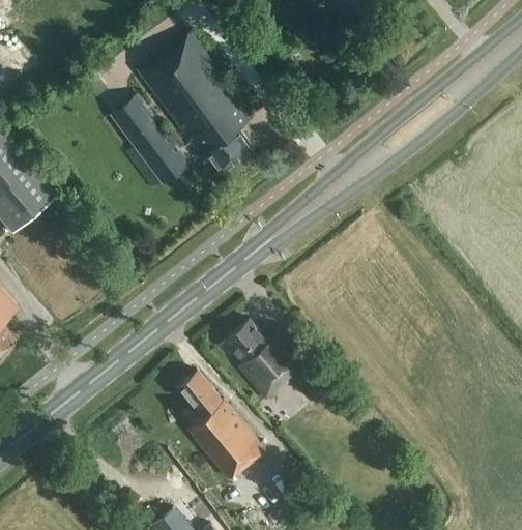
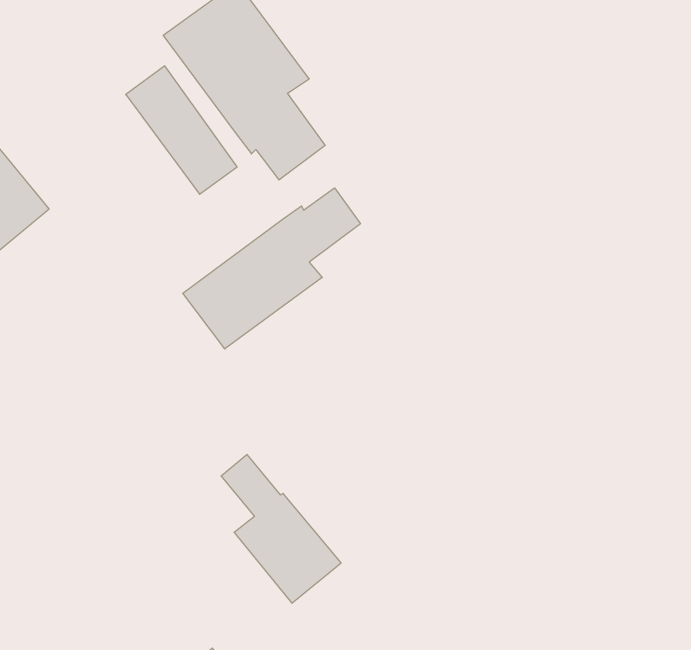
building: none -> [183,188,360,349]
building: [224,320,305,398] -> none

